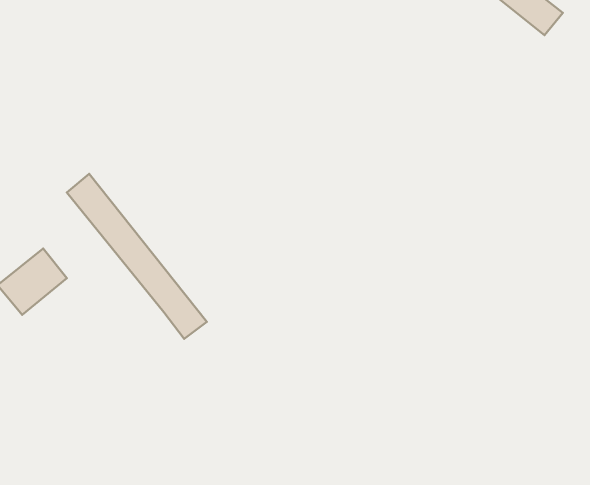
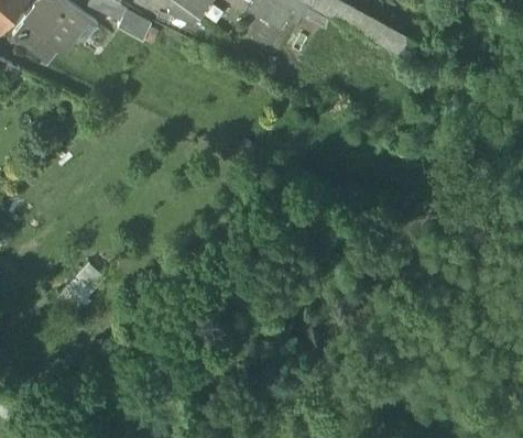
building: [67,174,207,339] -> none

